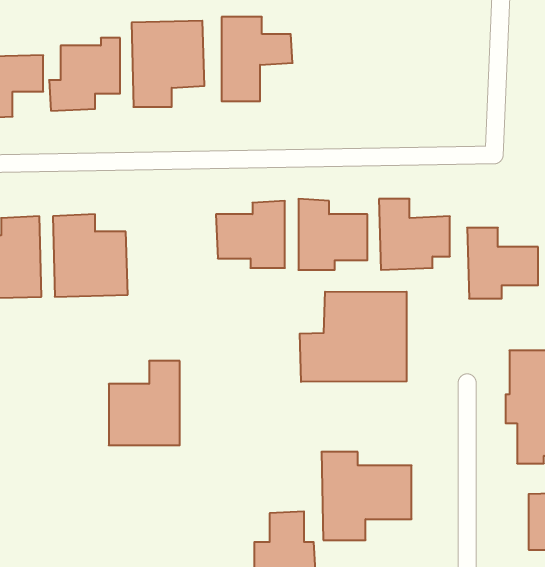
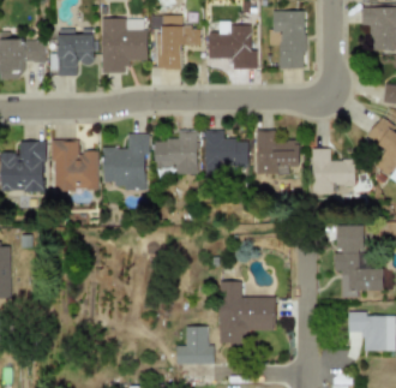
building: none -> [270,11,306,68]
building: none -> [206,24,257,68]
building: [300,292,407,382] -> none
building: [109,361,180,445] -> [102,133,146,186]

